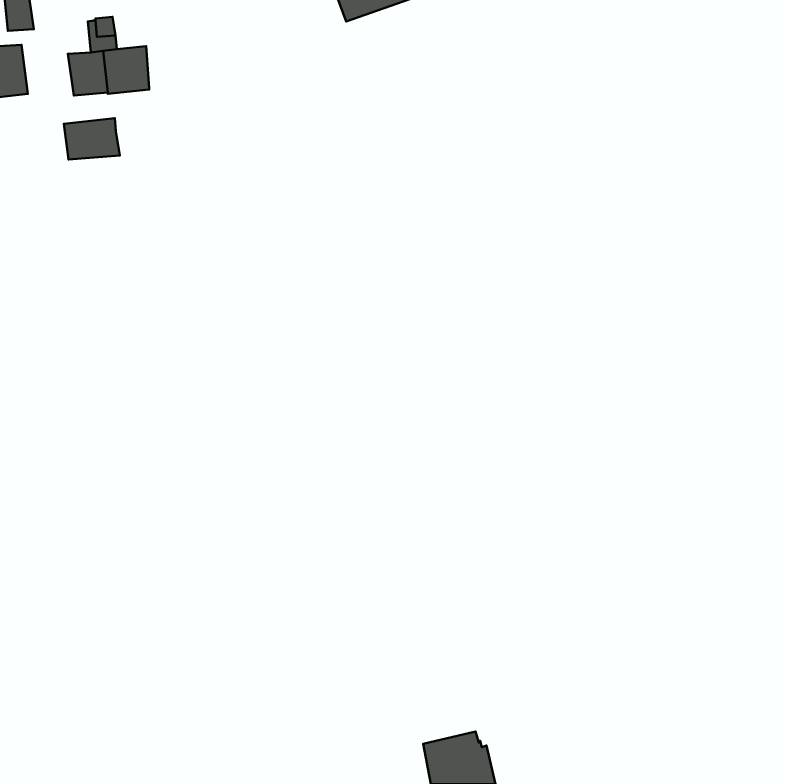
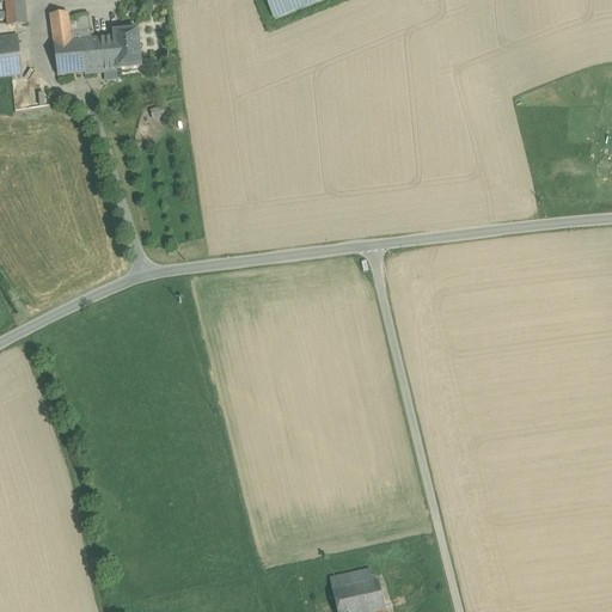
building: none -> [49,11,71,42]
building: none -> [112,29,140,68]
building: [64,118,120,159] -> none

